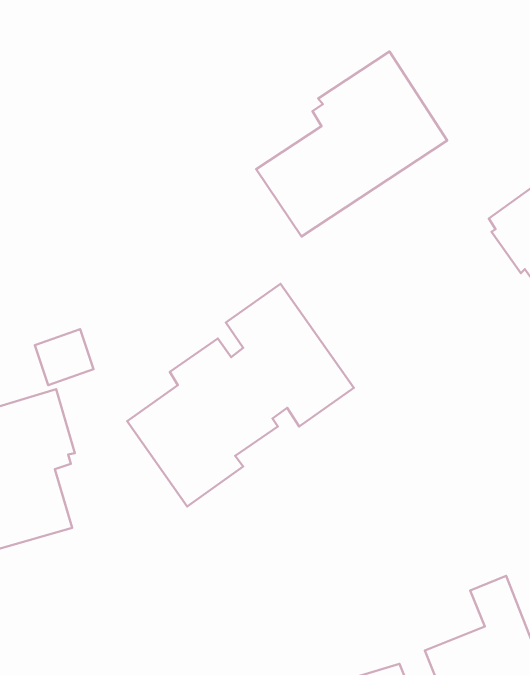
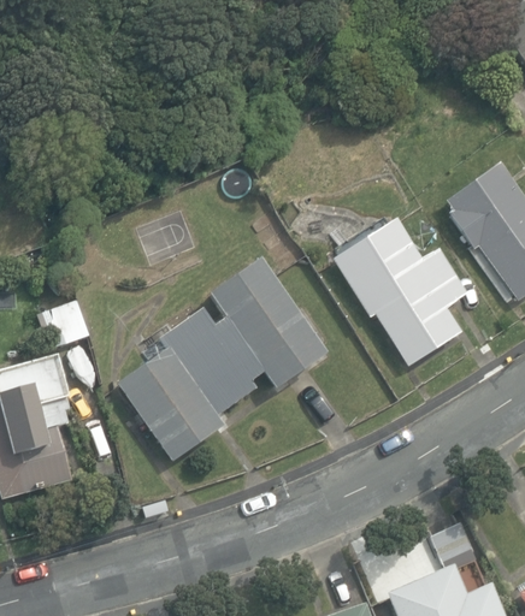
building: [256,51,447,236] -> none
building: none -> [332,219,467,366]

